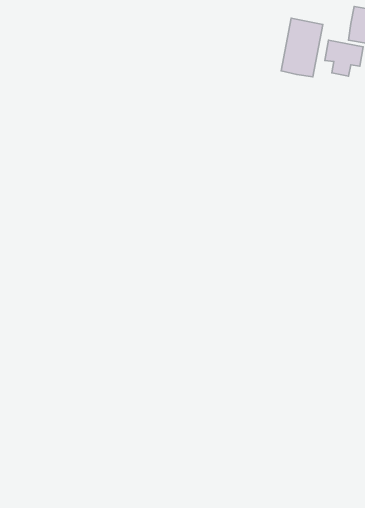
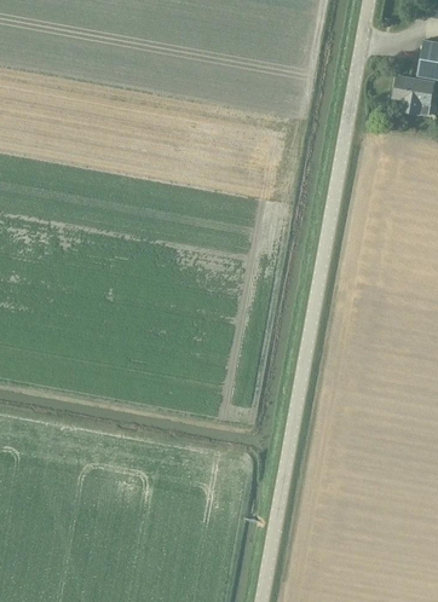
building: [281,18,323,77] -> none

